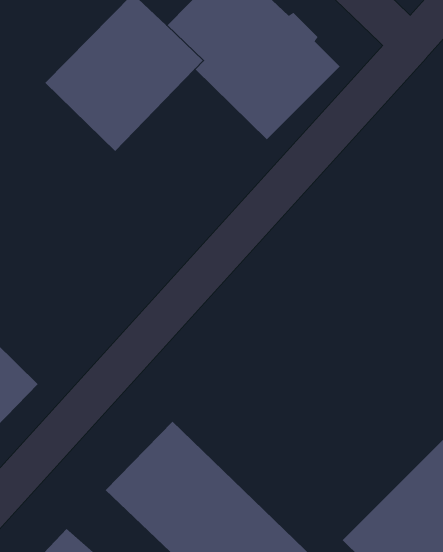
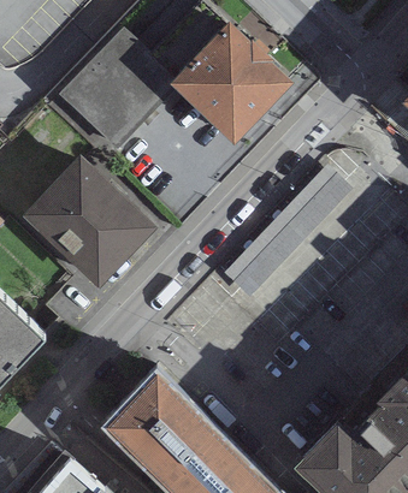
building: none -> [24,153,158,286]
building: none -> [225,160,354,292]

